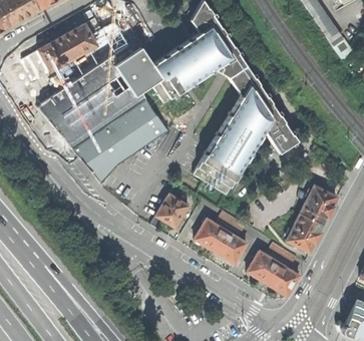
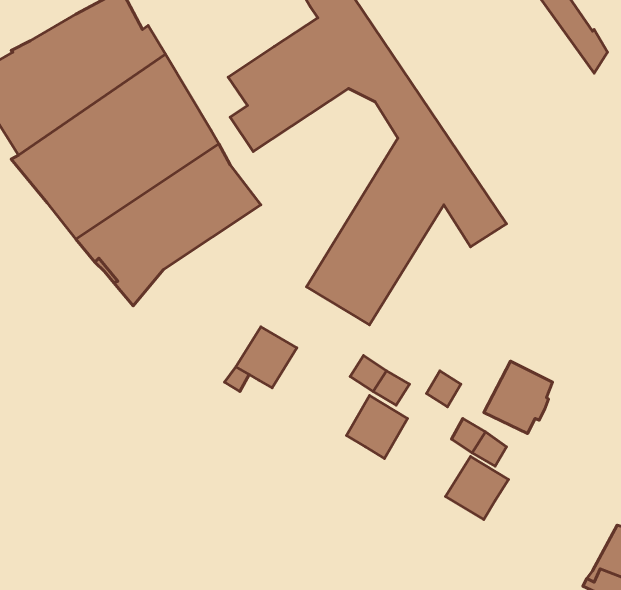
building: [110,32,162,91] -> none
building: [301,186,338,224] -> none
building: [195,219,227,252] -> none
building: [247,251,280,284] -> none

